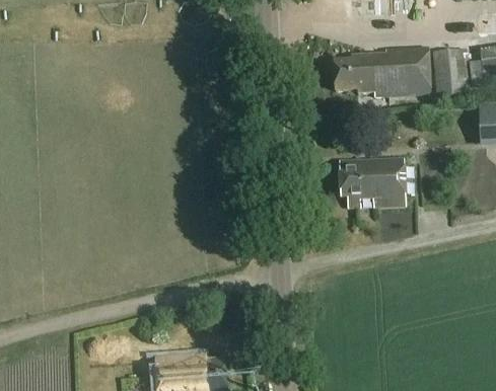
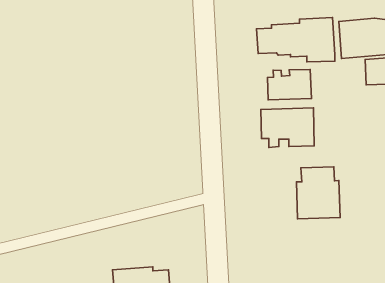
building: none -> [267,69,311,100]
building: none -> [296,167,340,219]

